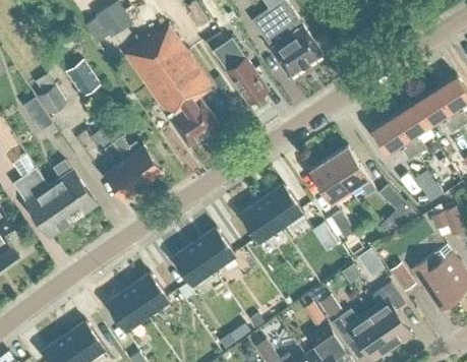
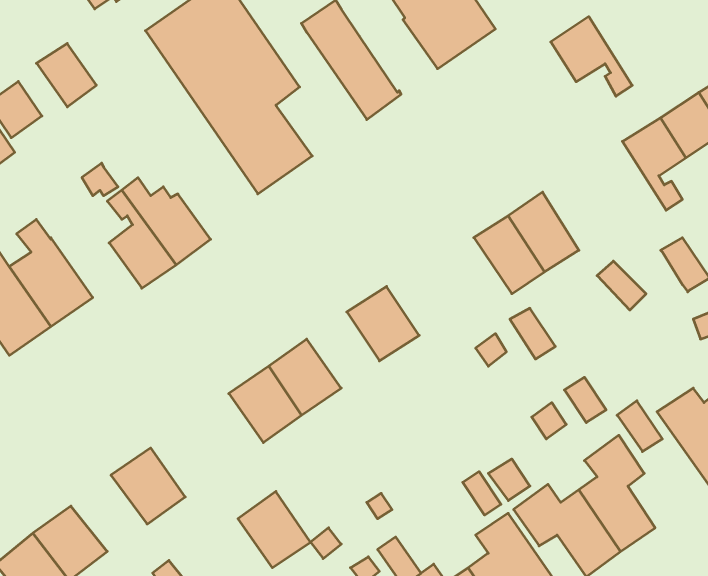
building: [372,117,418,162] -> [551,17,632,96]
building: [261,183,302,226] -> none
building: [129,274,170,316] -> [238,491,310,568]

